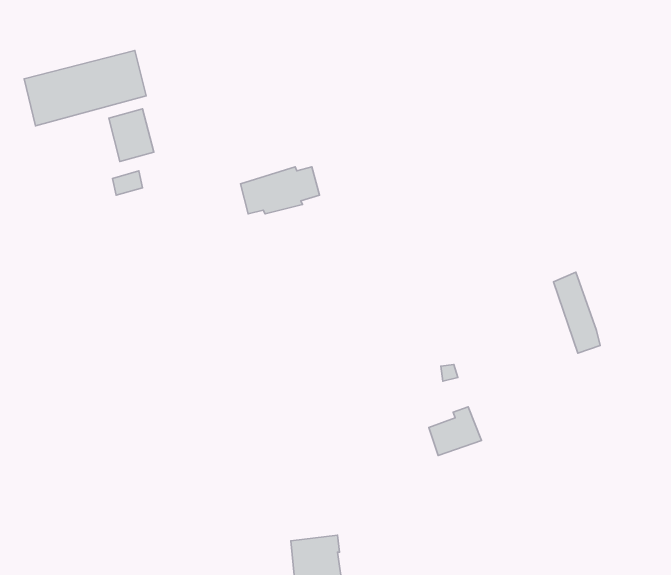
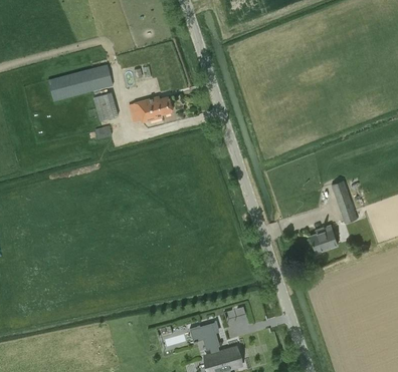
building: [241,167,319,214] -> [129,97,171,122]
building: [429,407,481,456] -> [310,231,338,257]

